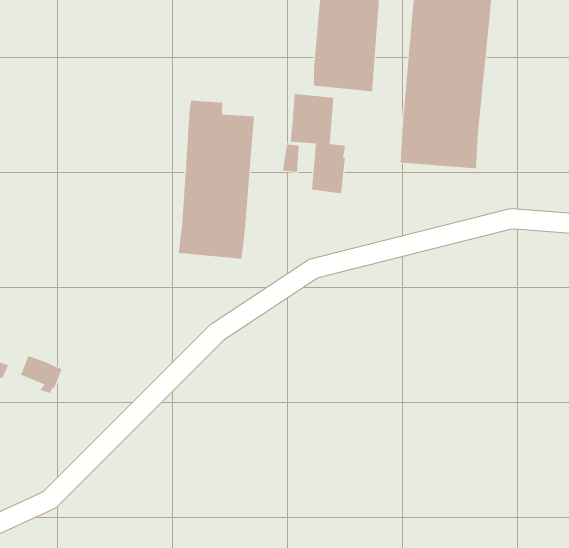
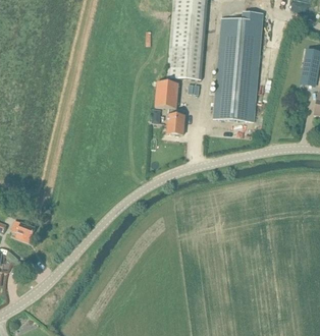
building: [178,100,254,259] -> none

